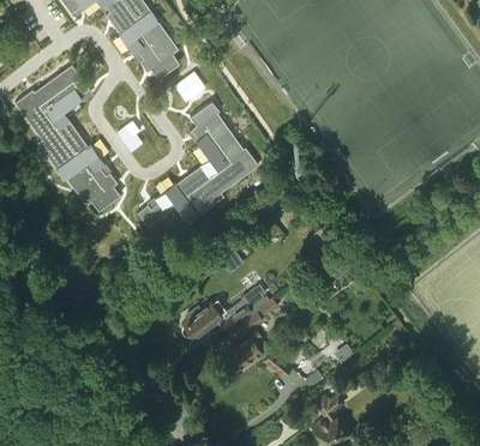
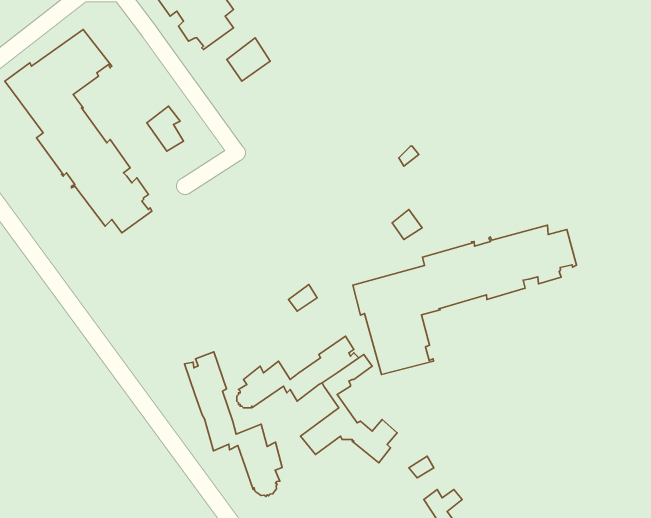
building: [137,102,258,245] -> none
building: none -> [353,225,576,375]
building: none -> [185,352,282,496]

